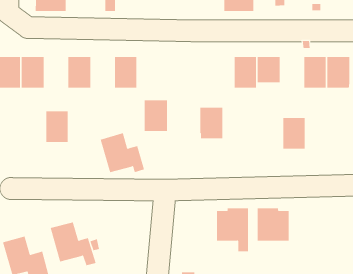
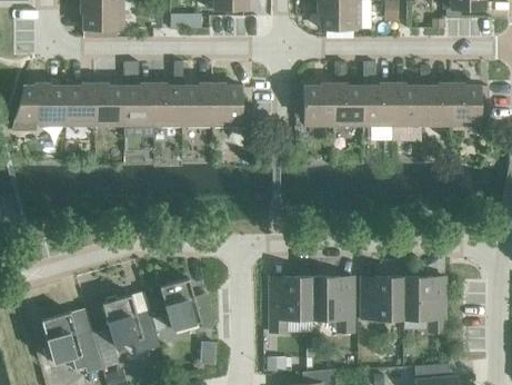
building: none -> [154,86,183,126]
building: [144,100,168,132] -> [212,86,242,126]
building: [199,107,223,139] -> [304,86,334,126]
building: [46,111,68,142] -> [96,86,124,126]
building: [283,118,306,149] -> [393,86,422,126]
building: [100,132,145,173] -> [160,278,217,329]
building: none -> [271,277,312,333]
building: none -> [404,277,445,333]

